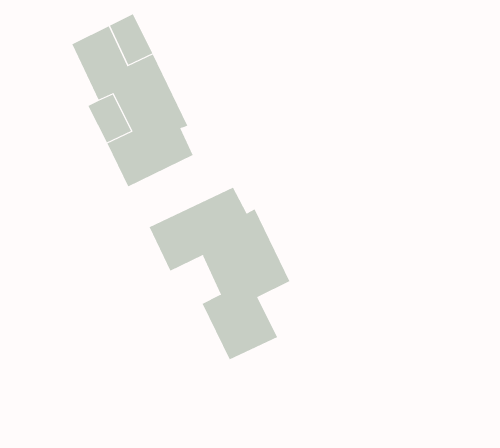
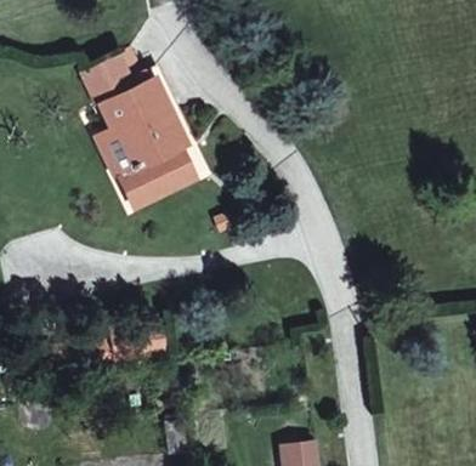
building: [149,187,290,360] -> none

